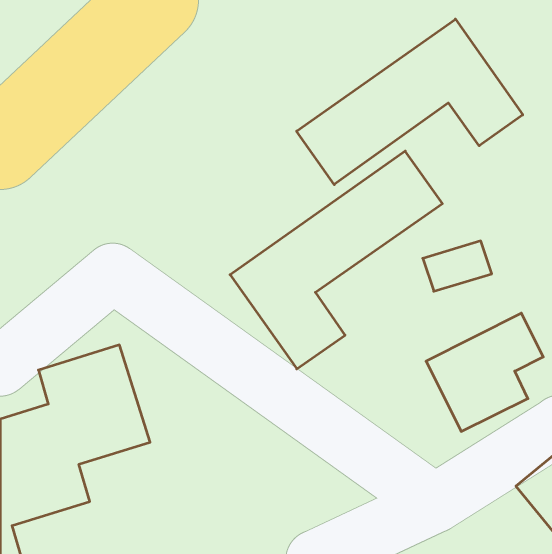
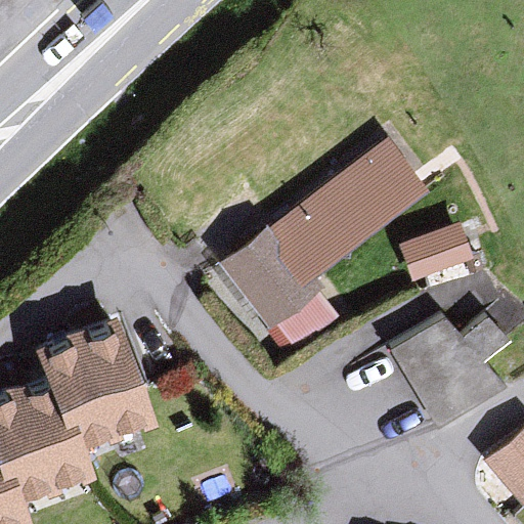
building: [297,19,523,185] -> none

